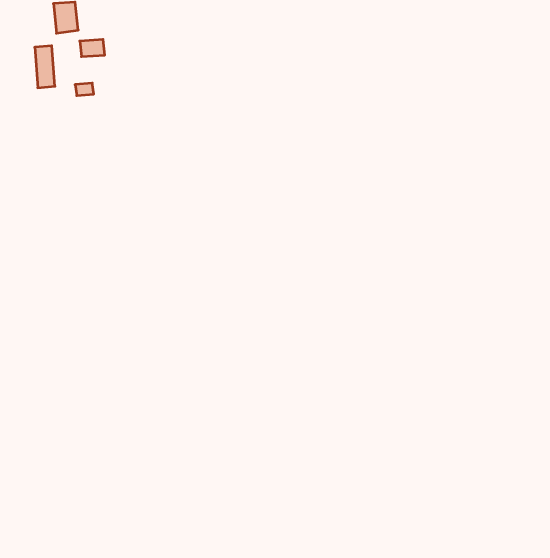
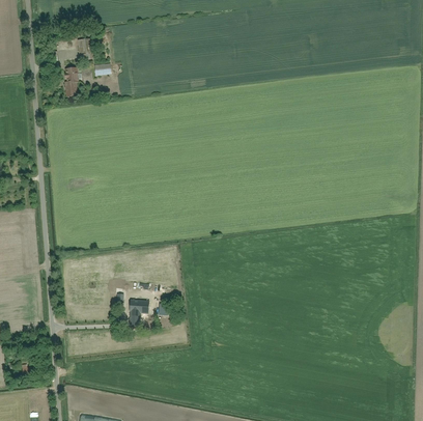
building: none -> [128,298,148,325]

